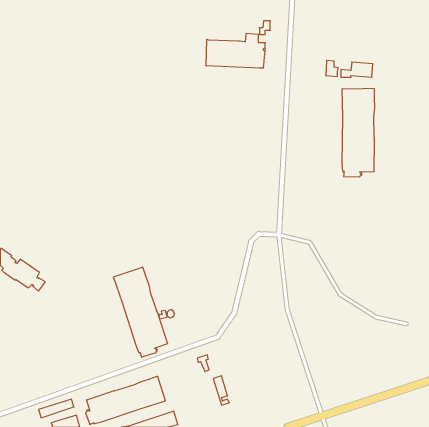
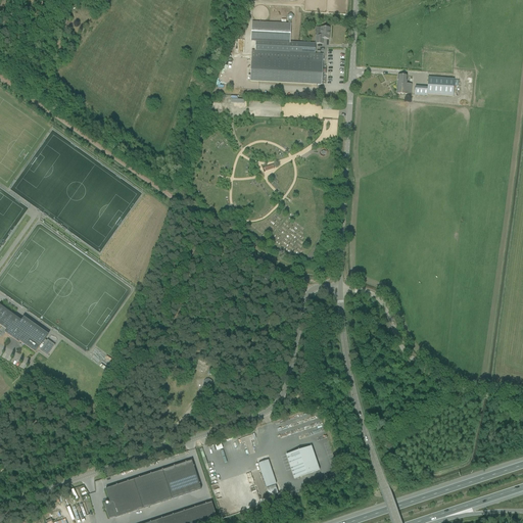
building: none -> [250,20,291,50]
building: [342,88,375,177] -> none
building: [114,267,168,357] -> none
building: none -> [286,444,319,477]

